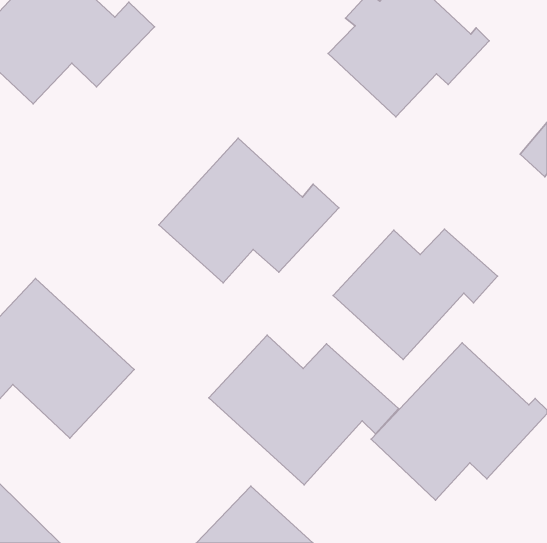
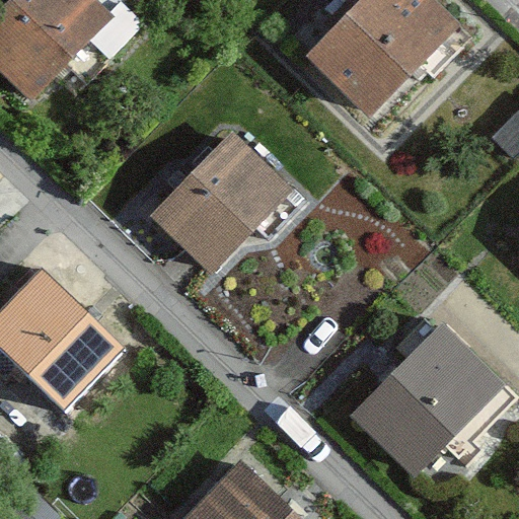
building: [333,229,498,360] -> none
building: [209,335,399,485] -> none

